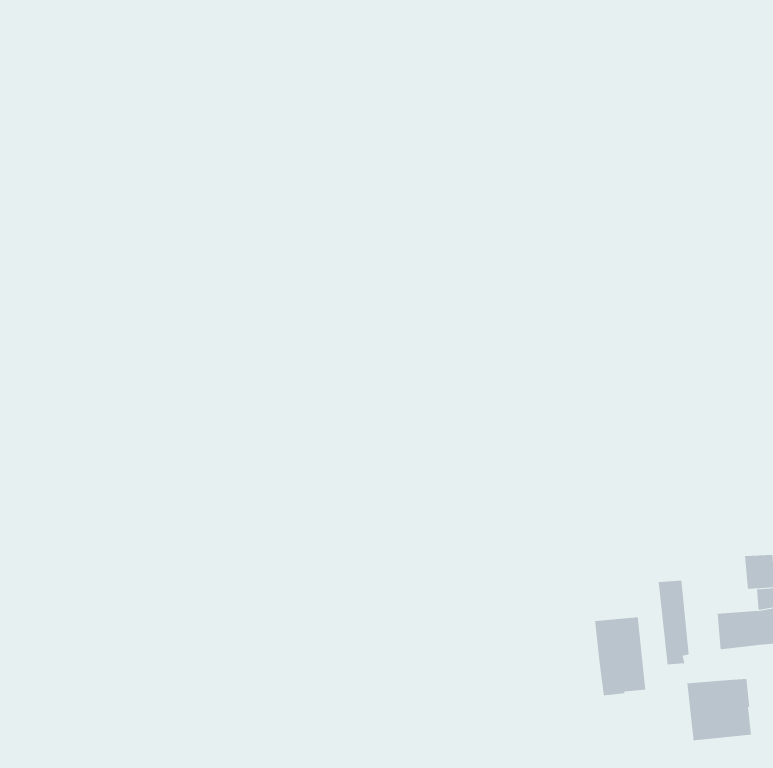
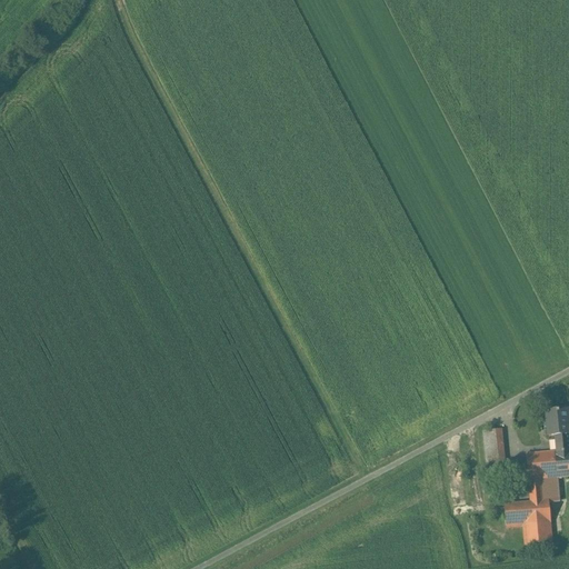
building: [594,616,646,696] -> none
building: none -> [529,473,560,499]

